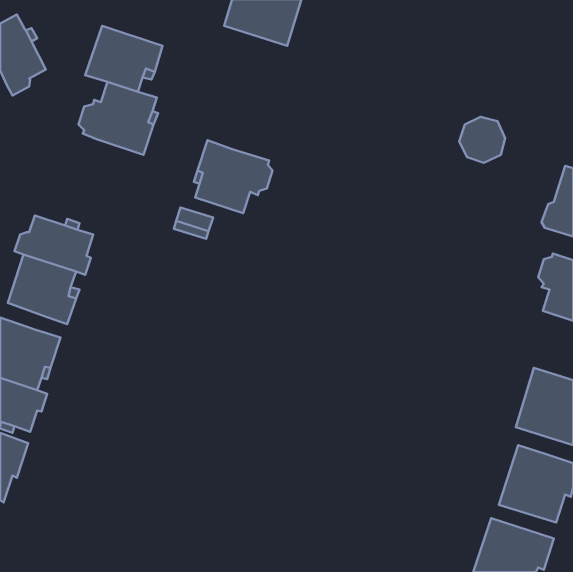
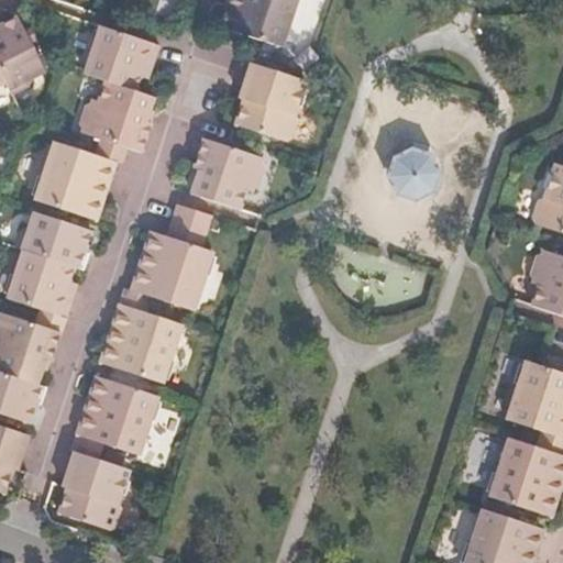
building: none -> [235,63,306,142]
building: [459,117,505,163] -> [390,152,435,197]
building: none -> [34,140,115,220]
building: none -> [132,231,212,310]
building: none -> [101,303,181,382]
building: none -> [77,375,157,454]
building: none -> [59,451,130,528]

